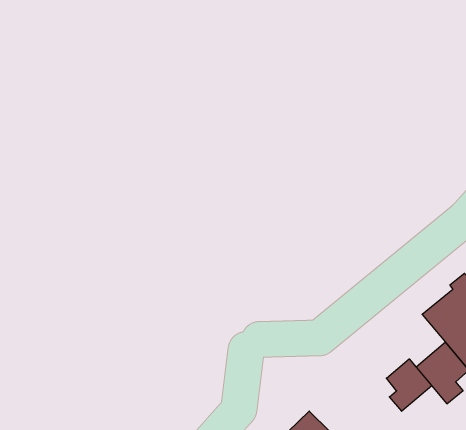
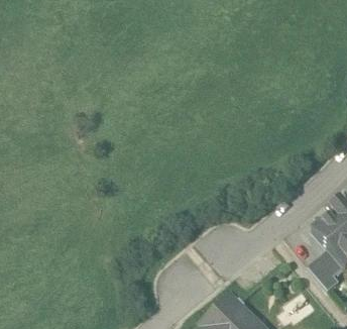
building: [386,359,432,411] -> none

